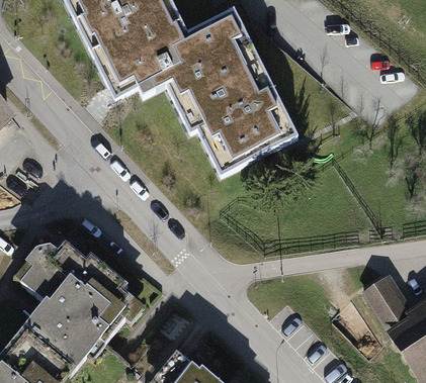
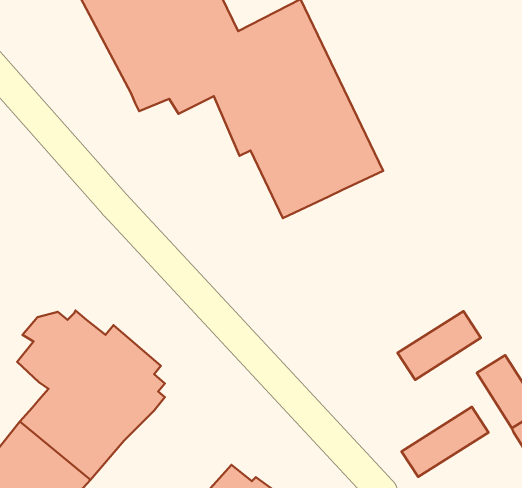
building: none -> [398,311,481,380]
building: none -> [401,407,488,477]

